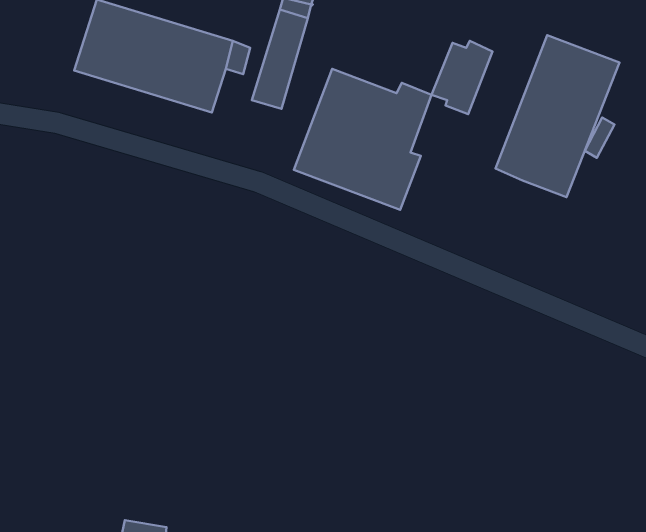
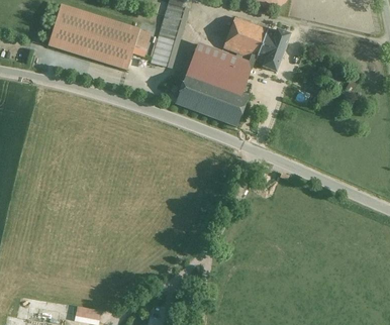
building: none -> [223,17,267,60]
building: [495,35,619,197] -> none

